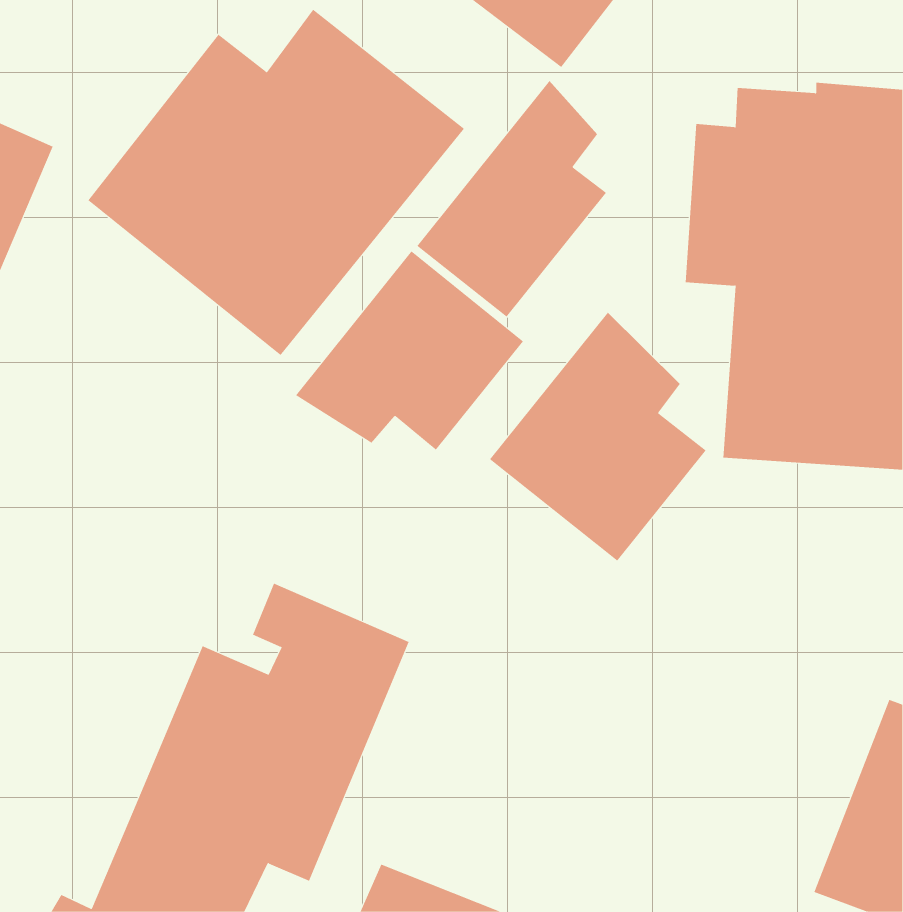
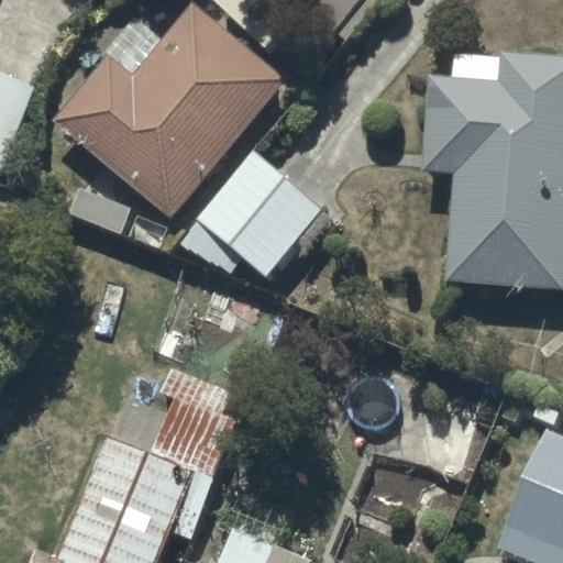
building: [416,80,607,318] -> none
building: [489,312,706,561] -> none

